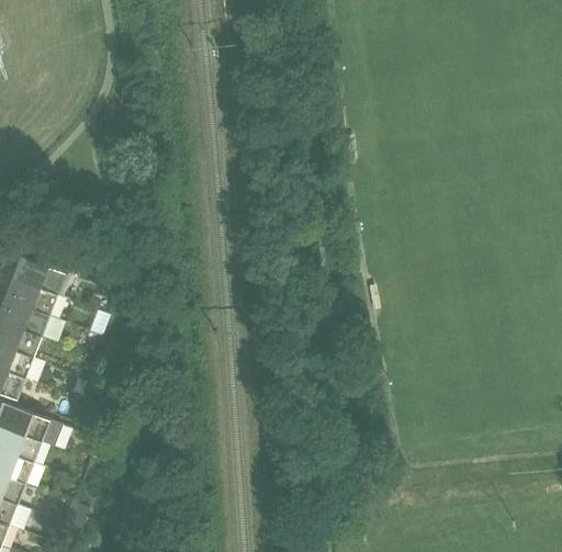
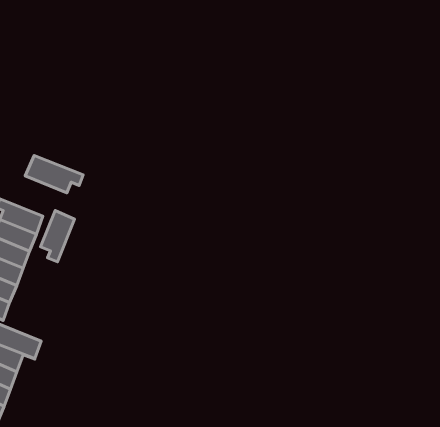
building: none -> [25,155,83,193]
building: none -> [41,211,75,262]

